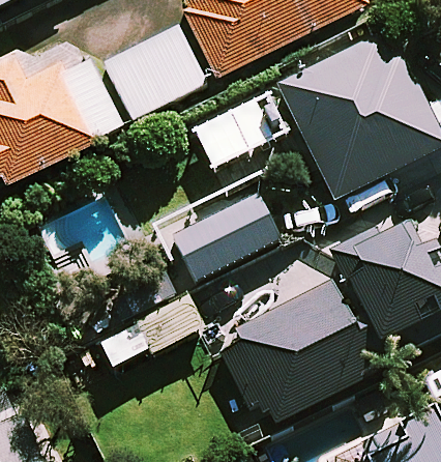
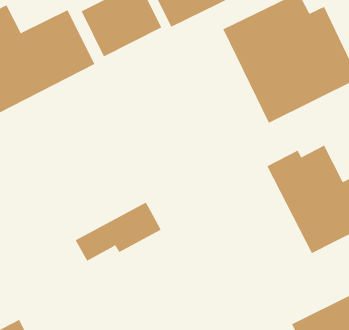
building: [174,192,280,280] -> none
building: [218,280,376,416] -> none

